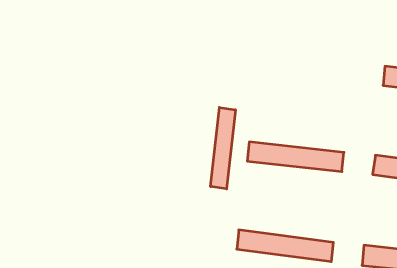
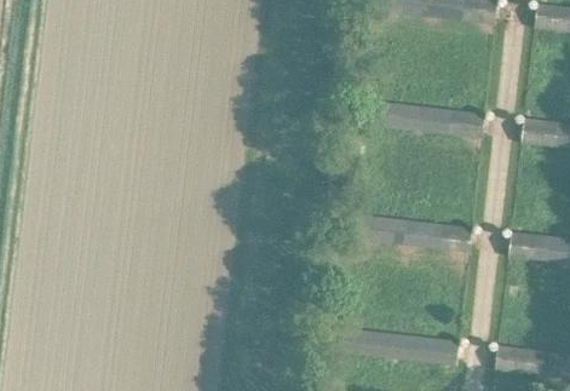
building: none -> [364,100,486,138]
building: [211,107,235,189] -> none

